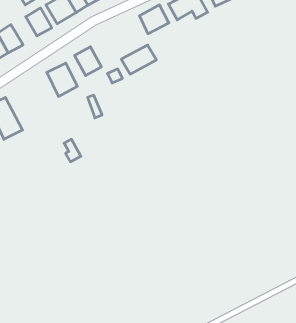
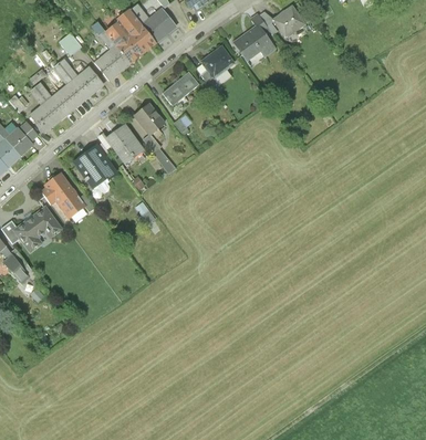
building: none -> [58,77,89,109]
building: [121,45,156,74] -> [160,69,200,104]
building: none -> [72,143,117,189]

